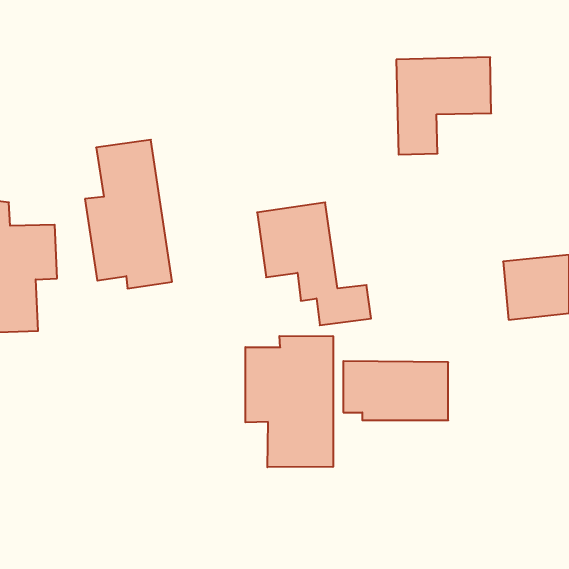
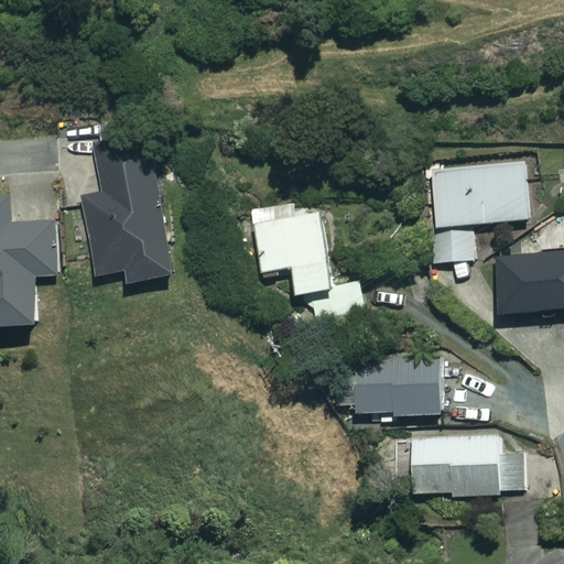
building: [396,57,491,155] -> [433,165,527,261]
building: [245,336,333,467] -> none
building: none -> [413,435,525,495]

